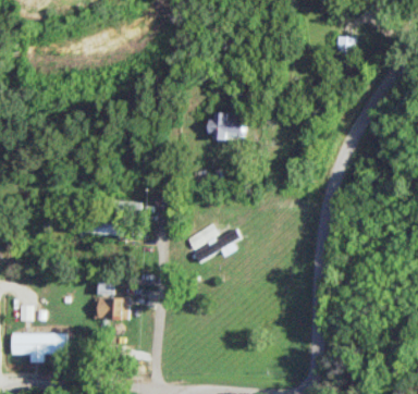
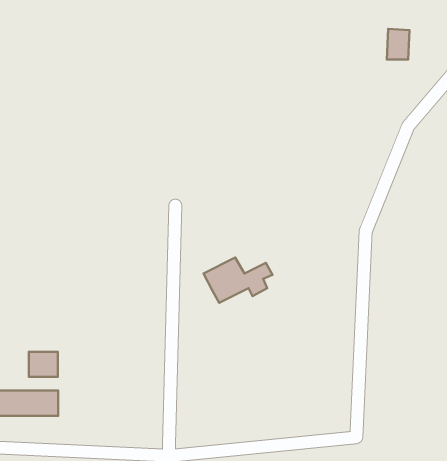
building: [213,114,246,141] -> none
building: [96,296,120,317] -> [29,352,58,377]

